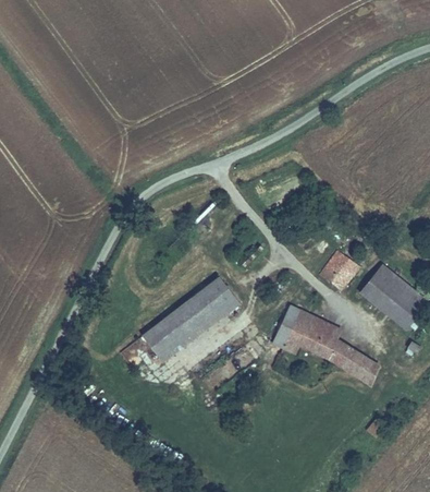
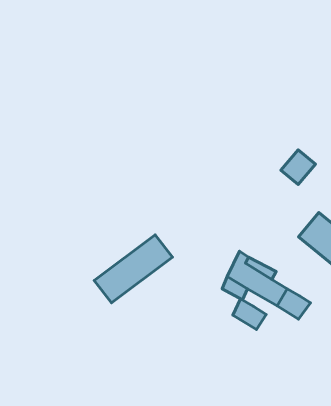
building: [321,249,358,286] -> [281,150,315,184]
building: [205,276,242,316] -> none
building: none -> [233,299,266,330]

